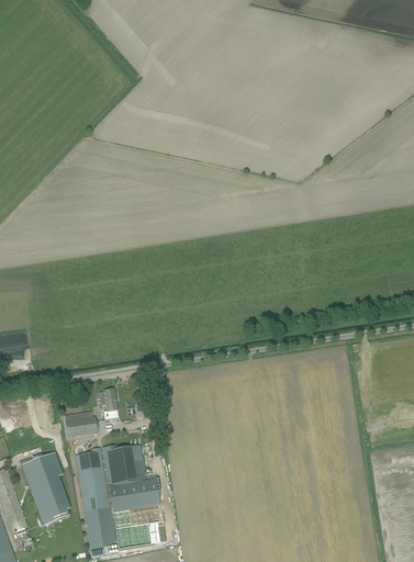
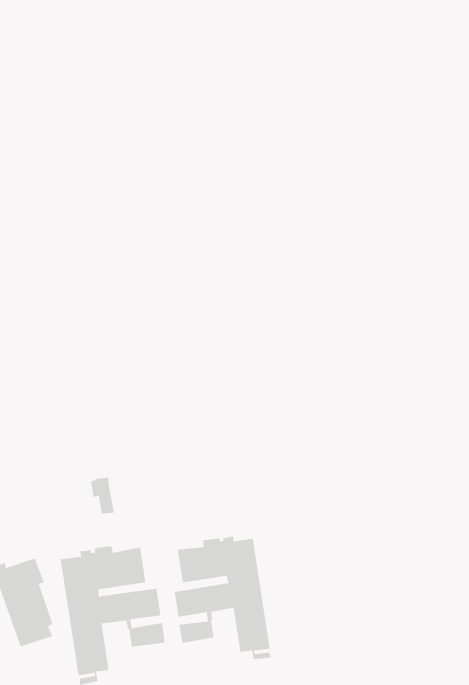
building: [65,416,98,436] -> none
building: none -> [174,536,272,660]

